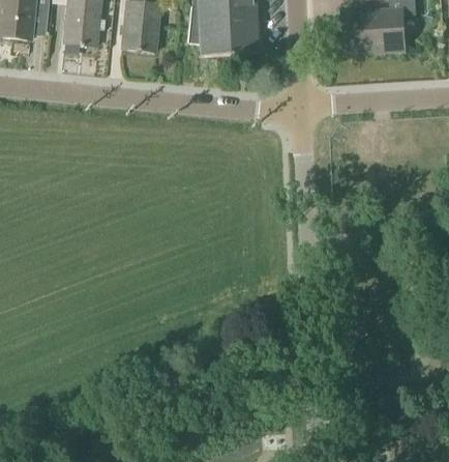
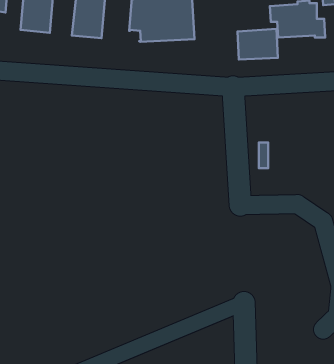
building: none -> [237,29,278,60]

